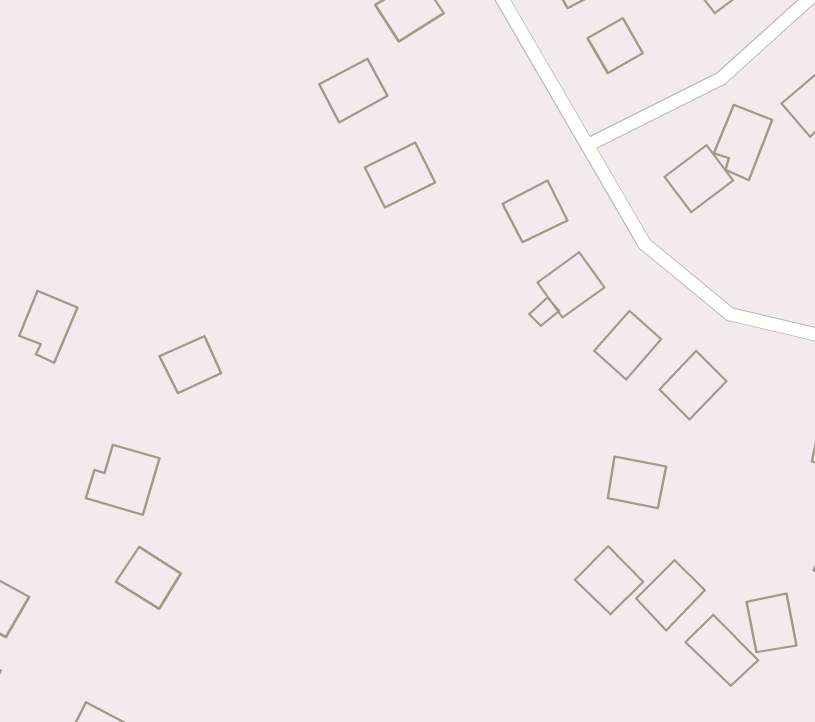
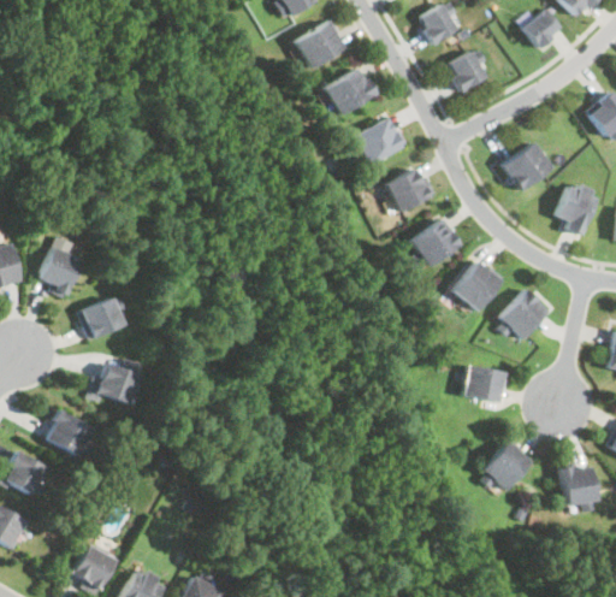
building: [319,59,388,123] -> [326,69,375,114]
building: [714,105,772,180] -> [557,182,599,236]
building: [365,142,435,208] -> [354,118,404,165]
building: [159,336,221,393] -> [78,298,123,339]
building: [575,546,643,614] -> none
building: [116,547,181,609] -> [45,410,91,455]
building: [685,615,758,686] -> none

